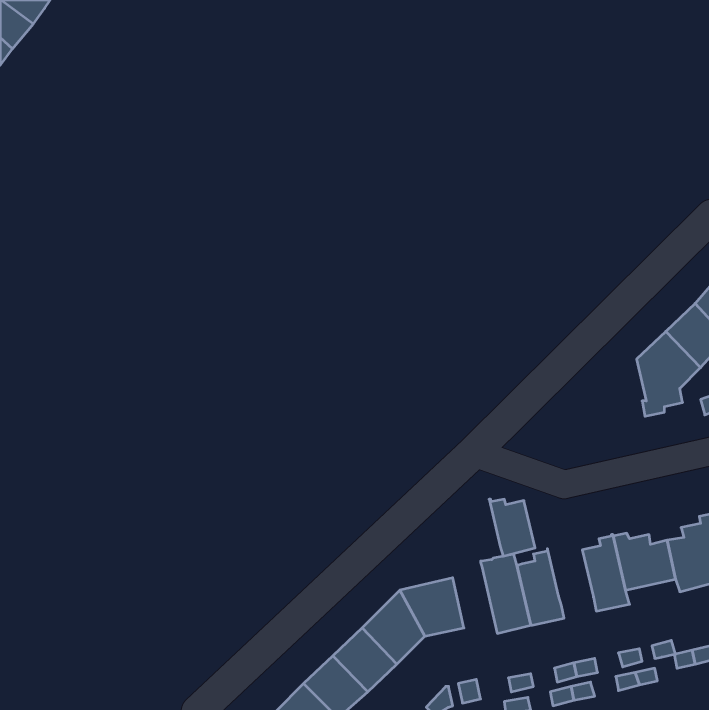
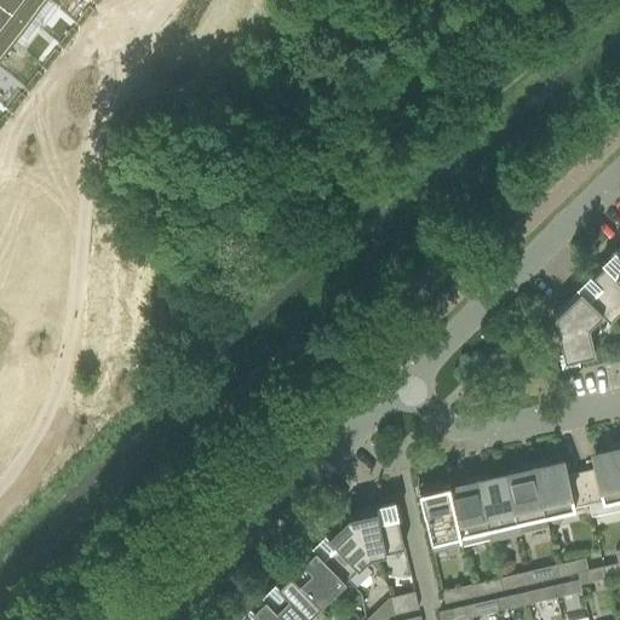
building: [489,499,535,556] -> [478,478,518,528]

